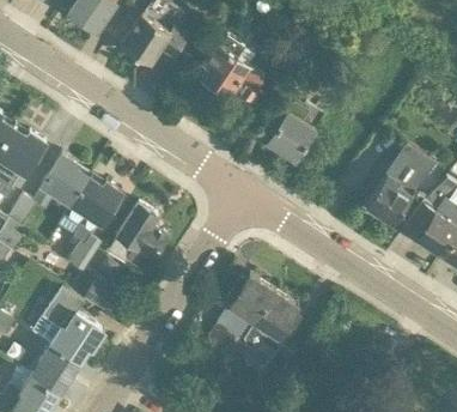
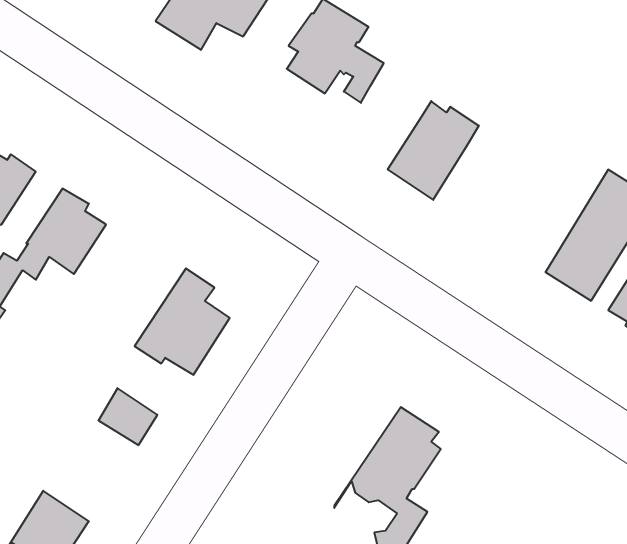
building: [56,178,121,273] -> none
building: [207,277,274,356] -> none
building: [42,290,103,365] -> none

